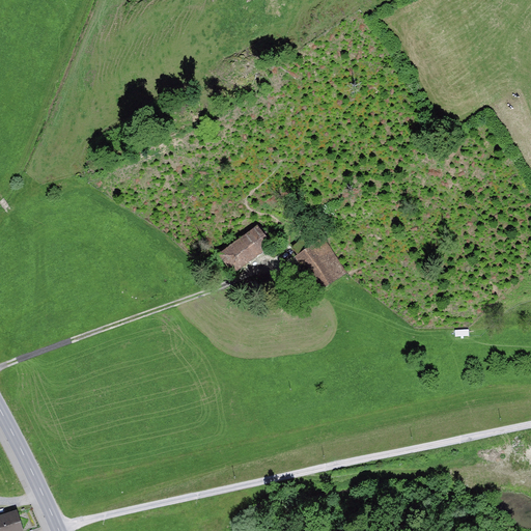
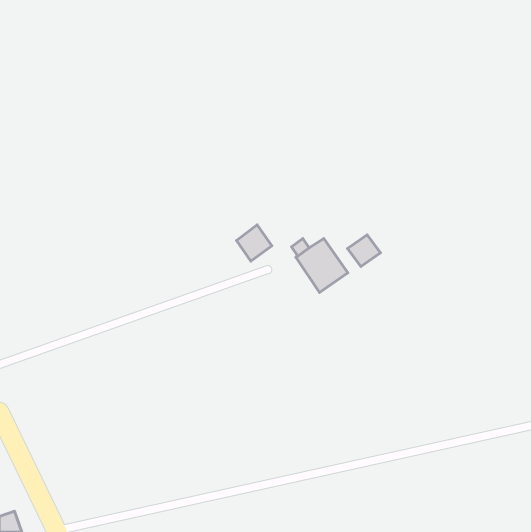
building: none -> [348,235,380,266]
building: [218,240,250,273] -> none

